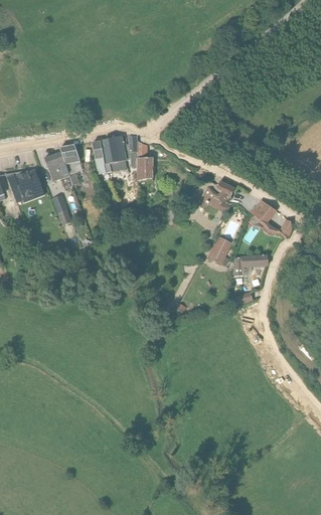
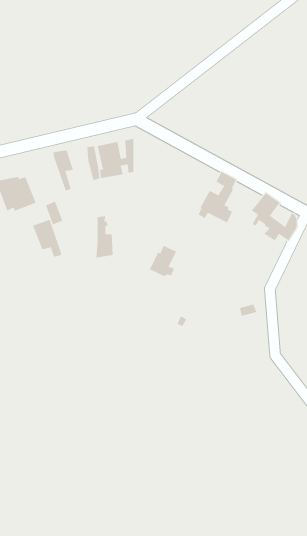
building: [136,141,153,181] -> [96,216,114,258]
building: [43,152,71,188] -> [32,219,62,257]
building: [205,237,231,268] -> [149,245,177,277]
building: [231,255,267,277] -> none

